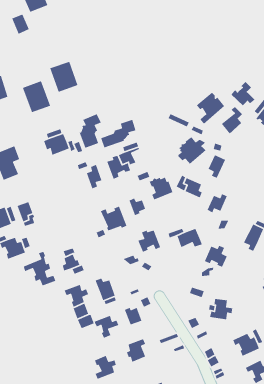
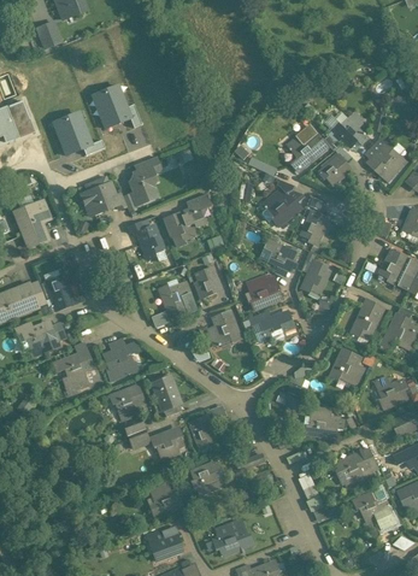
building: [100,119,136,148] -> none
building: [149,177,173,201] -> [247,276,281,308]
building: [204,245,228,268] -> [330,352,363,383]

